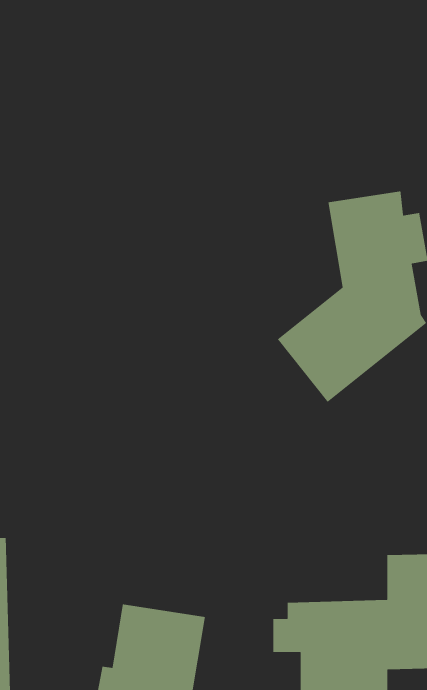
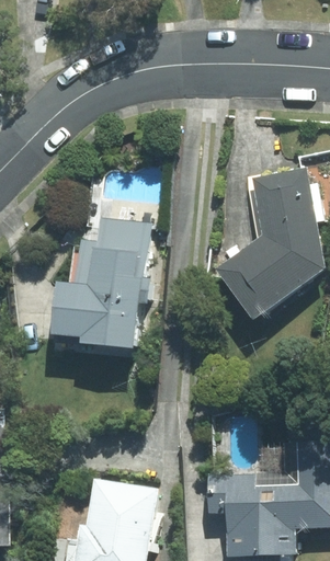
building: none -> [50,218,151,357]

